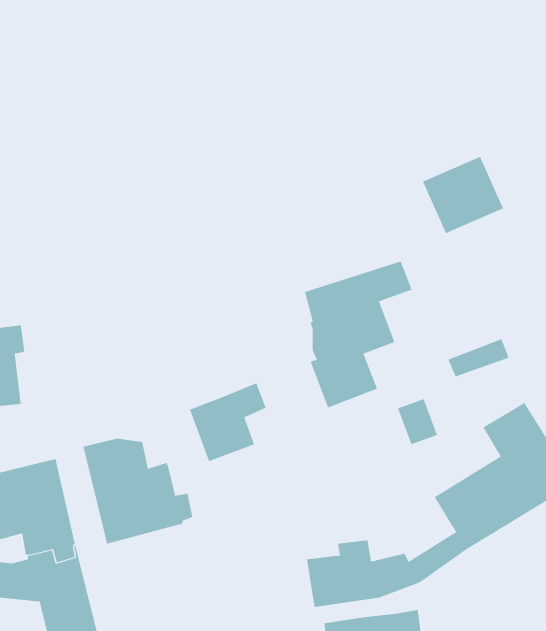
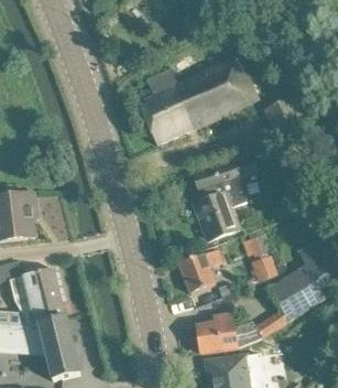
building: none -> [138,58,258,146]
building: [189,383,267,462] -> [178,249,222,294]
building: [83,438,193,544] -> none

